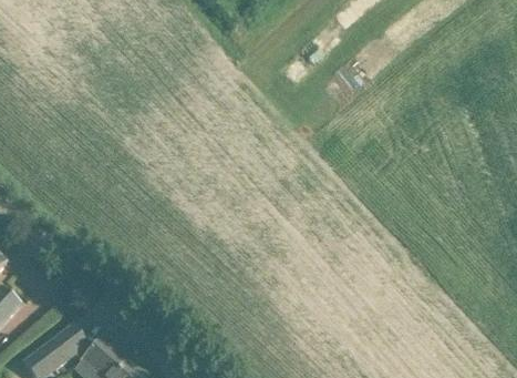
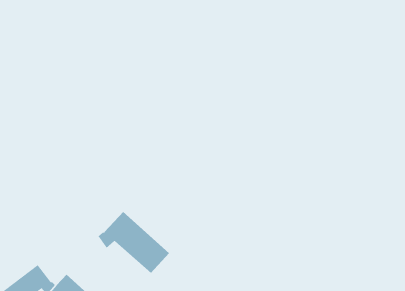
building: none -> [97,211,170,274]

